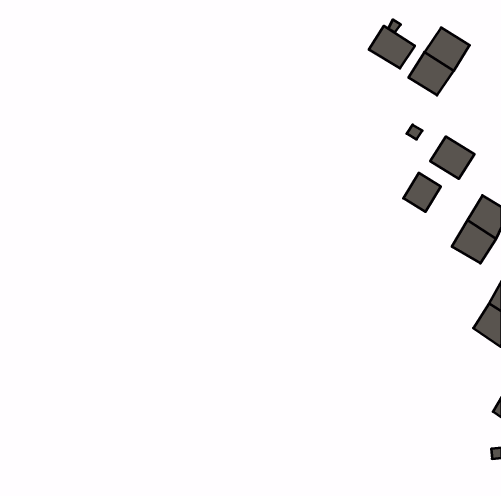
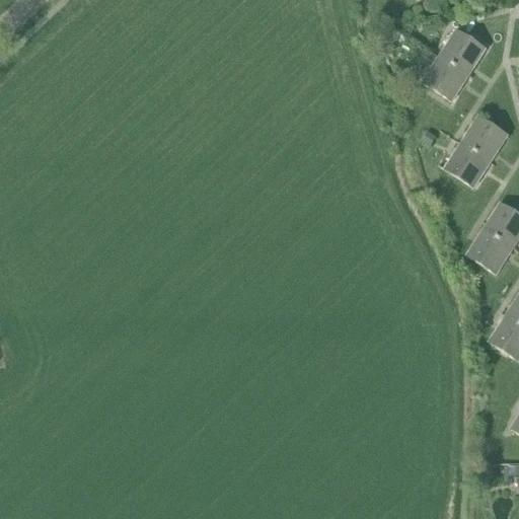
building: [369,26,415,68] -> none
building: none -> [461,115,508,159]
building: [403,173,441,212] -> none

